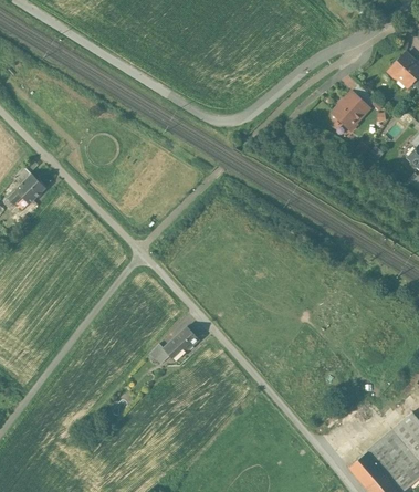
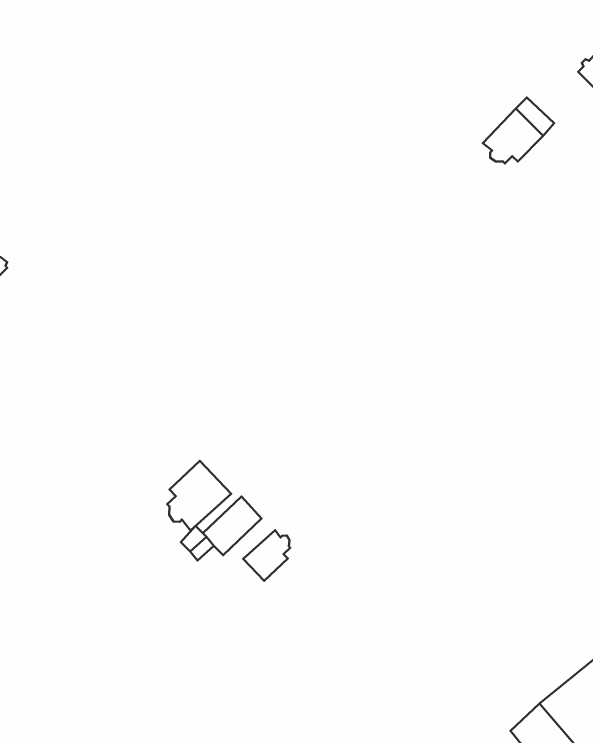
building: none -> [167,461,231,531]
building: none -> [243,530,290,581]

